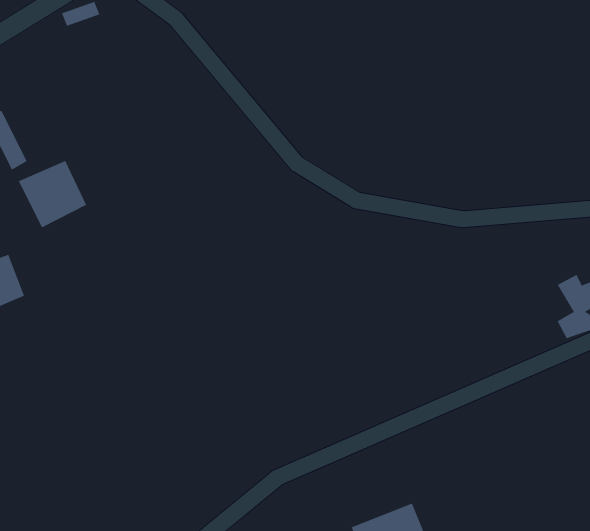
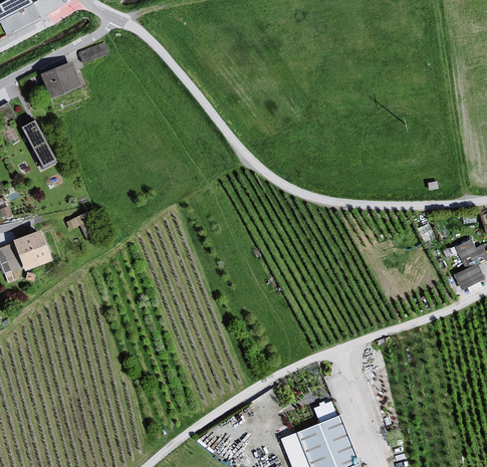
building: none -> [40,61,80,97]
building: [18,160,87,228] -> none

